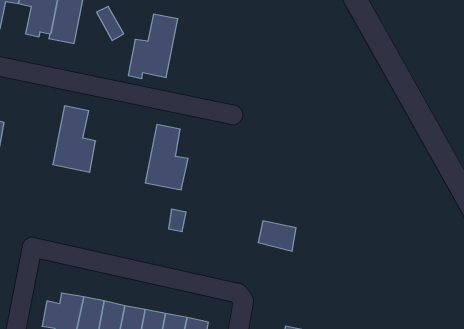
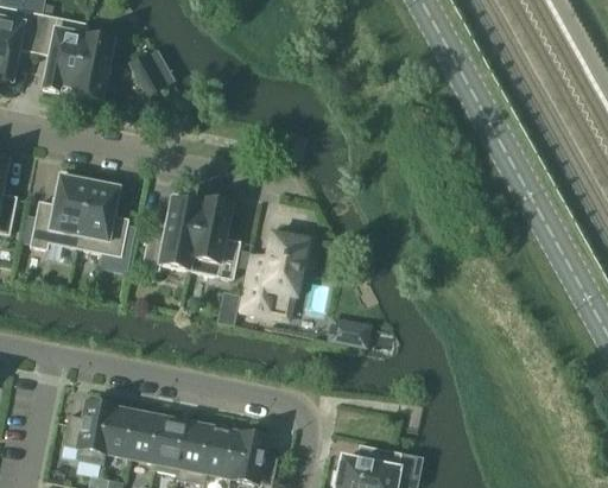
building: [128,14,178,78] -> [144,192,204,271]
building: none -> [31,170,91,248]
building: none -> [241,230,314,317]

